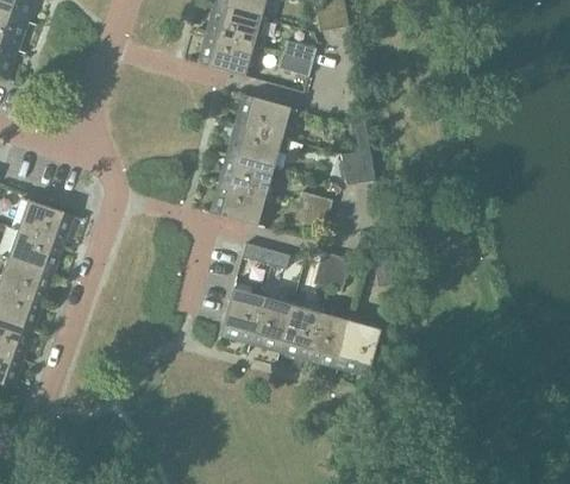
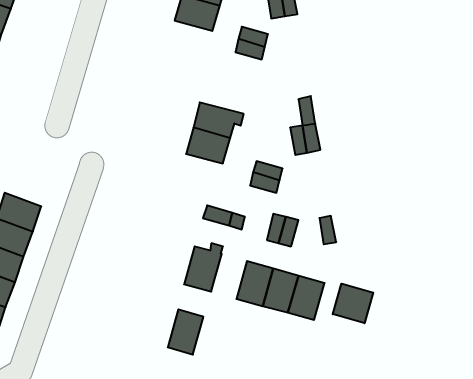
building: [201,32,252,74] -> none
building: [238,94,292,138] -> none
building: [214,183,264,224] -> none
building: [17,199,69,243] -> none
building: [251,296,292,347] -> [168,309,203,355]
building: none -> [333,284,373,323]

